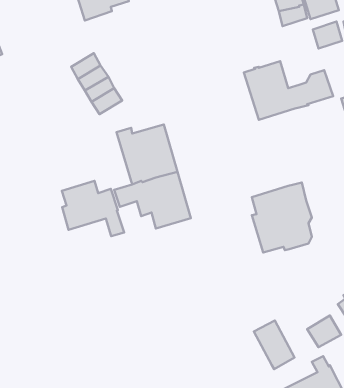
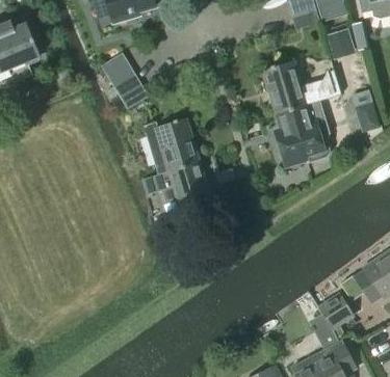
building: [62,181,124,236] -> none
building: [252,182,312,253] -> [275,102,330,166]
building: [254,321,295,369] -> none

